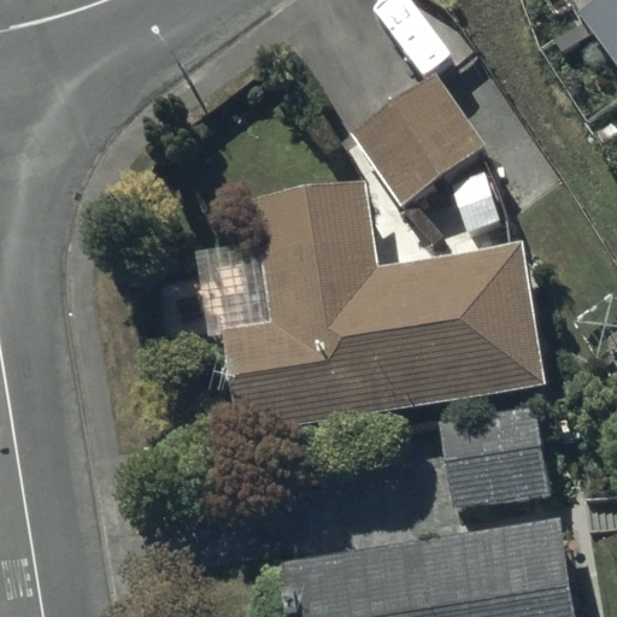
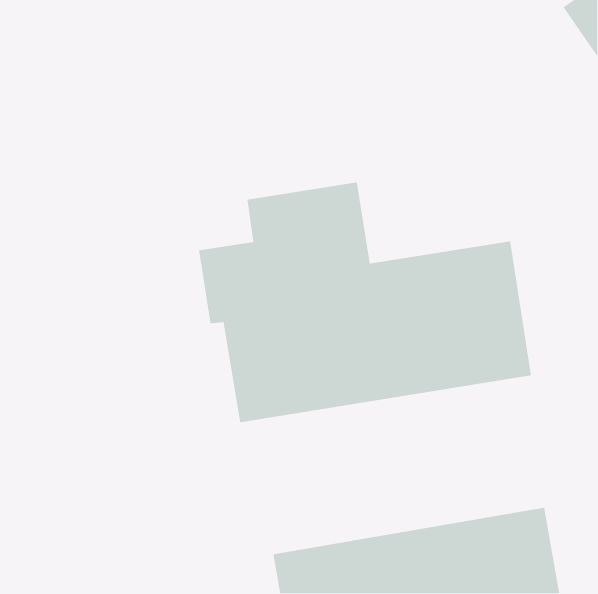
building: [348,71,488,207] -> none
building: [443,407,548,507] -> none

